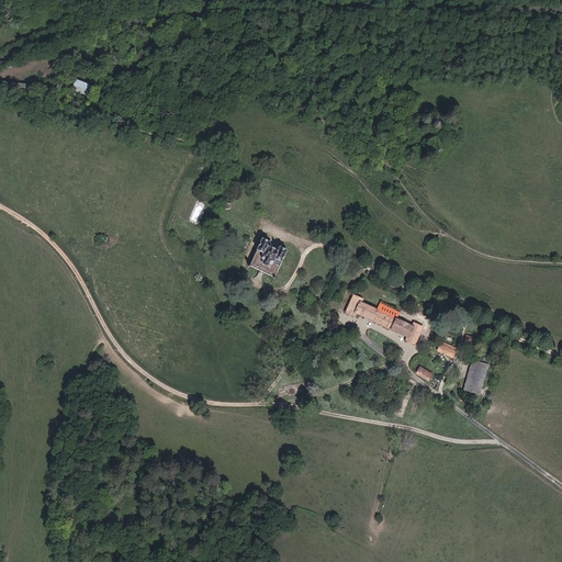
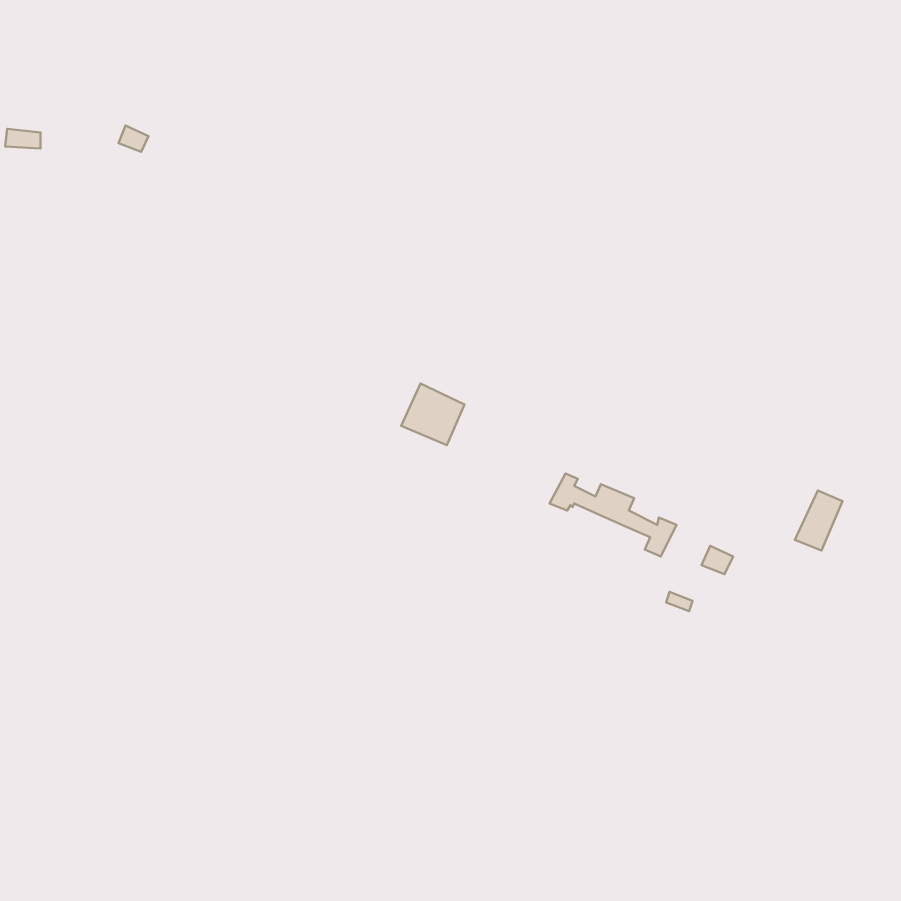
building: [461,359,491,396] -> [795,490,843,551]

